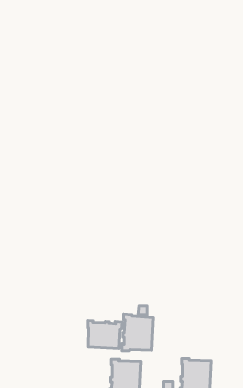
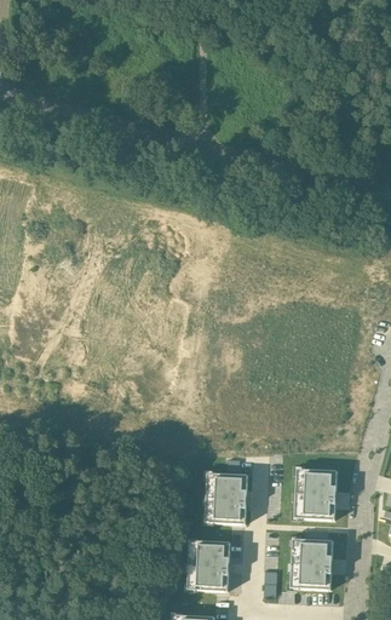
building: none -> [291,466,337,521]
building: [88,320,122,348] -> none

